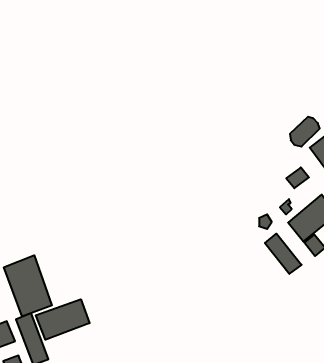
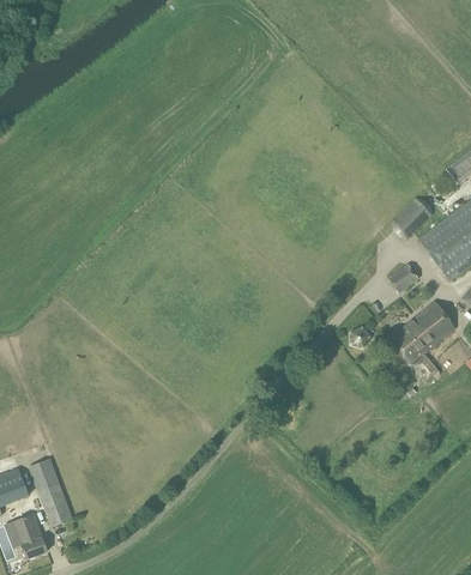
building: [265,234,302,274] -> none
building: [4,255,52,316] -> none
building: [36,299,90,340] -> none

